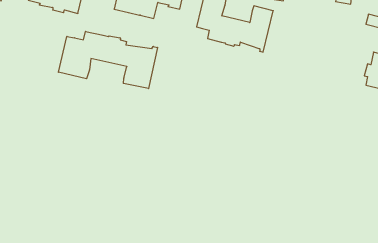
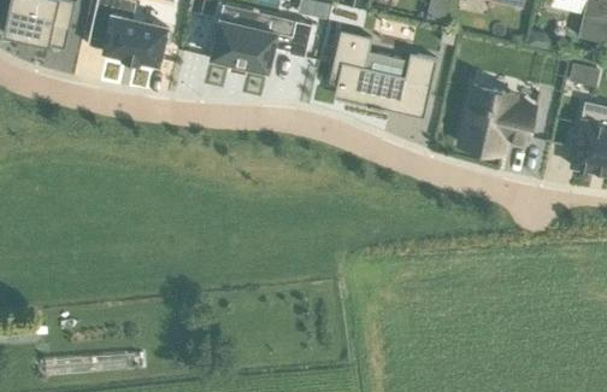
building: none -> [459,83,535,152]
building: [58,31,158,89] -> none

